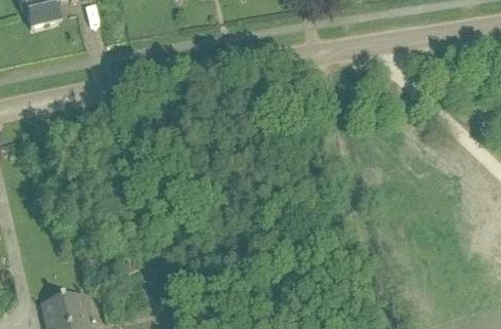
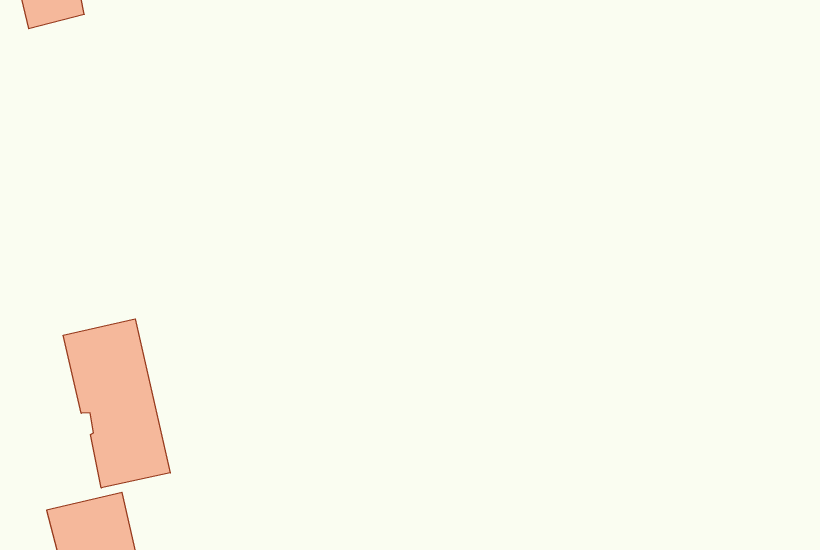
building: none -> [63,319,170,488]

